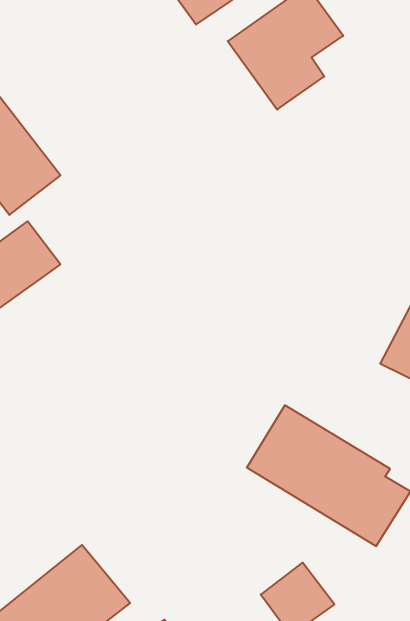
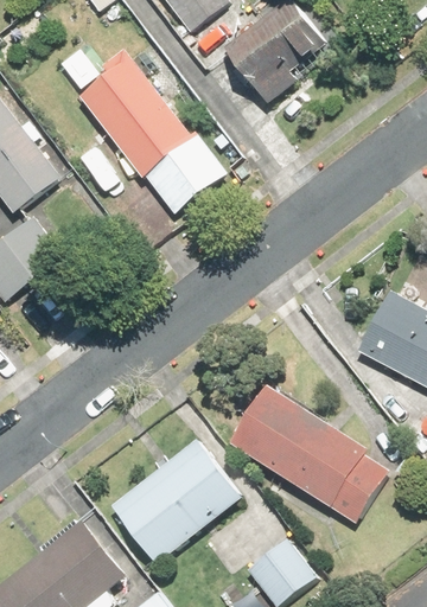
building: none -> [81,59,222,210]
building: none -> [111,441,240,562]

